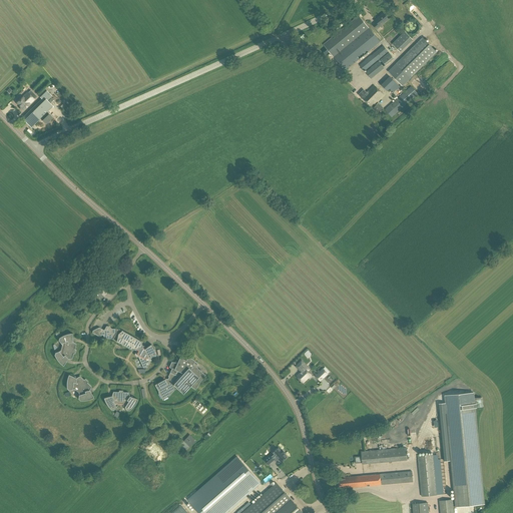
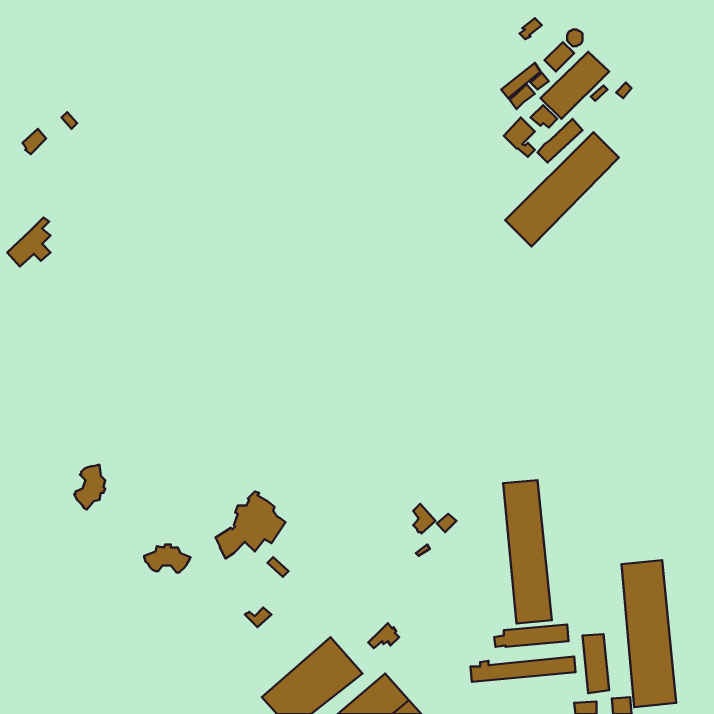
building: [322,14,379,70] -> none
building: [21,92,52,127] -> [7,217,51,266]
building: none -> [505,132,619,247]
building: [91,326,155,367] -> none
building: none -> [503,480,552,624]
building: [66,374,93,400] -> none

